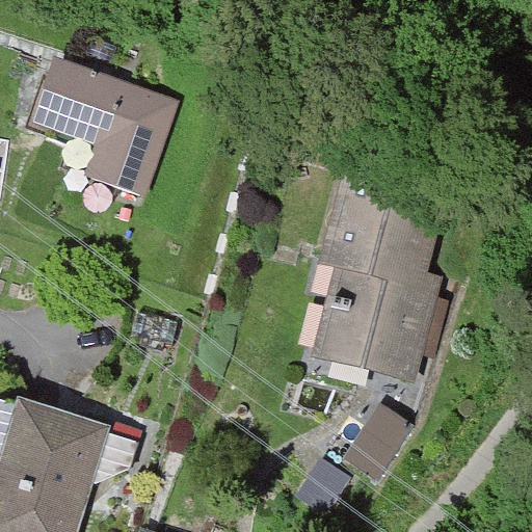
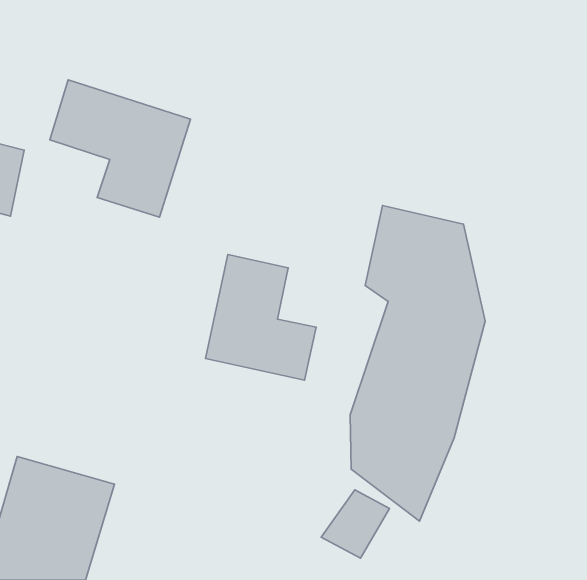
building: none -> [206,254,316,380]

